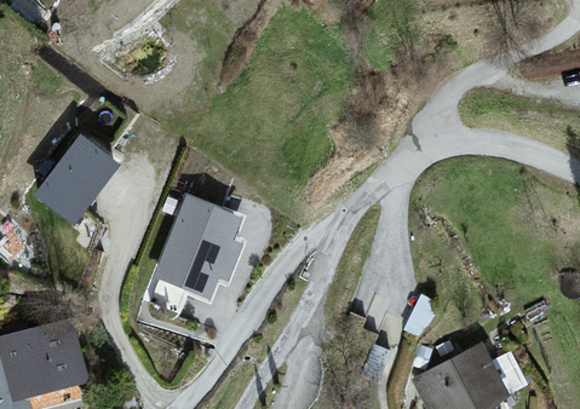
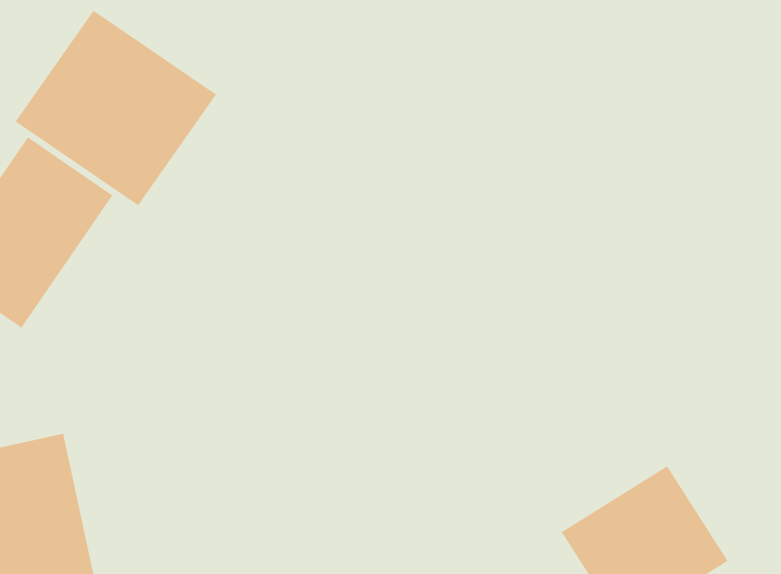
building: none -> [15,10,217,206]
building: [147,191,259,318] -> none

